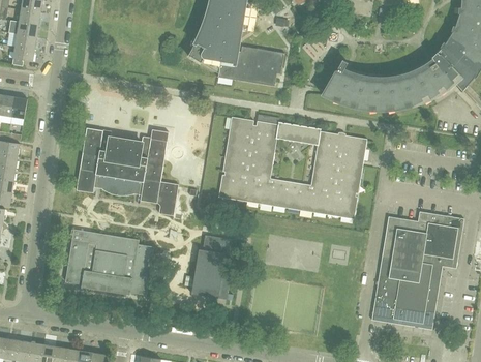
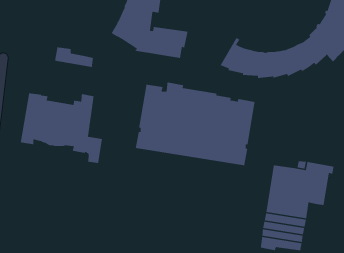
building: none -> [54,46,94,68]
building: [64,232,153,294] -> none
building: [190,234,236,298] -> none

